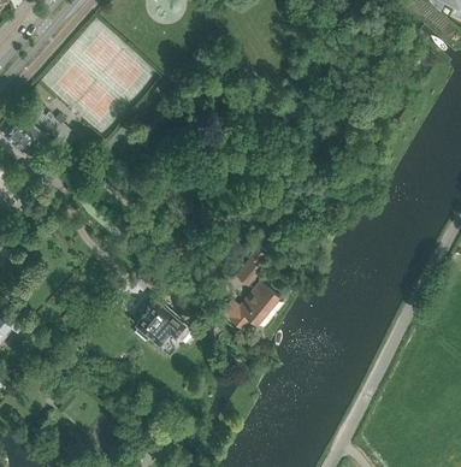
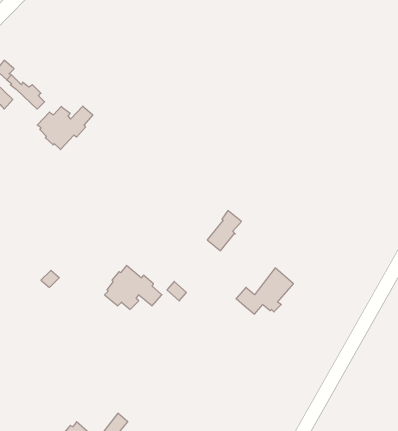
building: none -> [37,106,93,150]
building: [221,282,278,327] -> [236,268,293,314]

